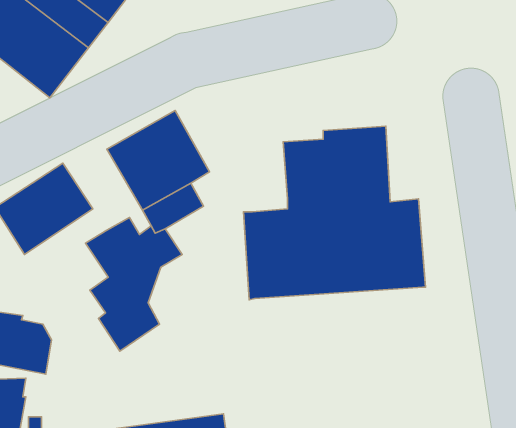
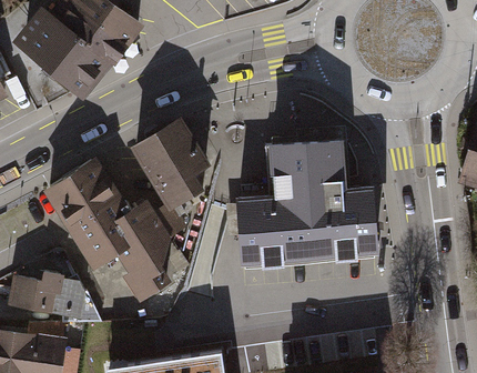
building: none -> [62,191,128,270]

